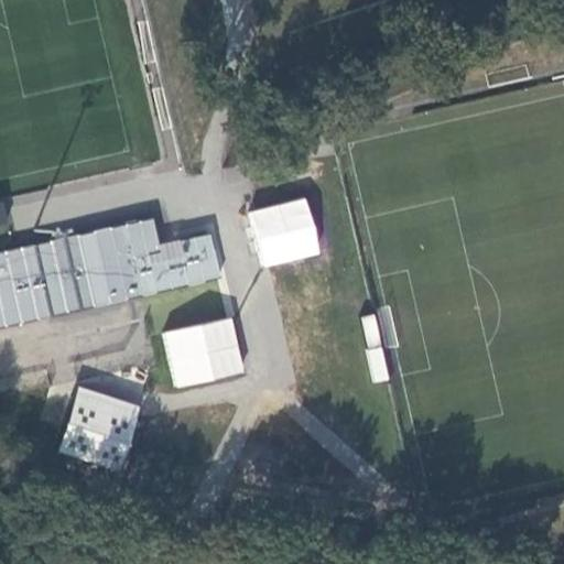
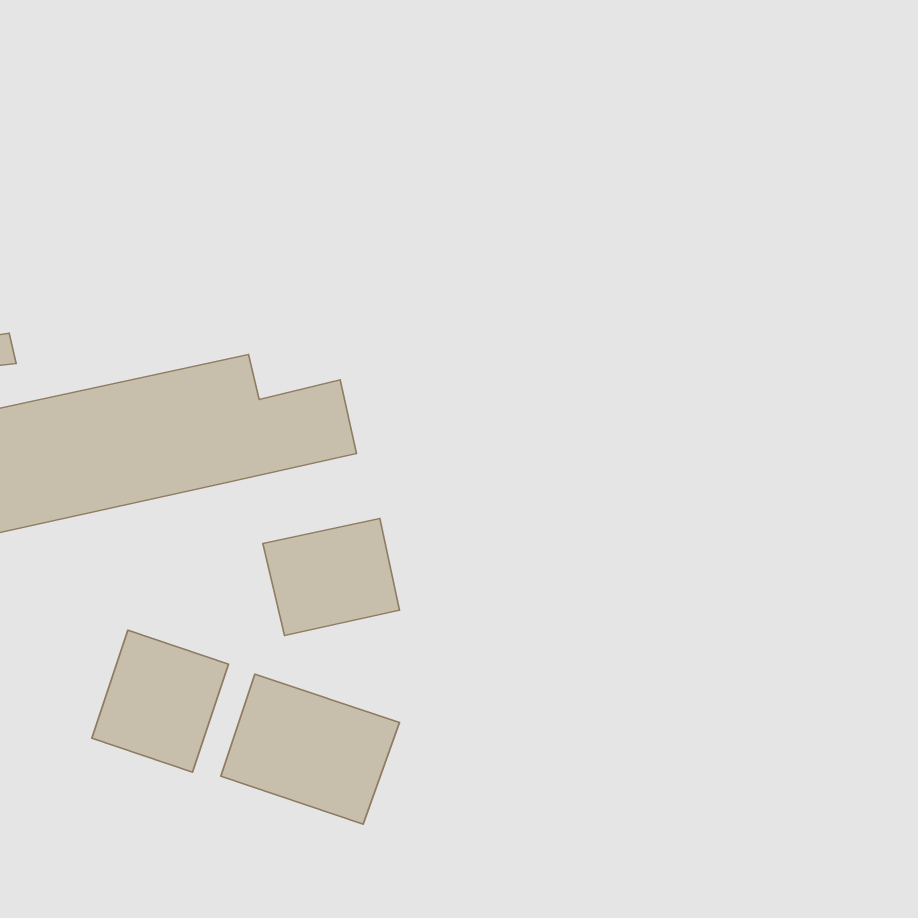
building: [250,198,321,267] -> none
building: none -> [221,674,399,824]

